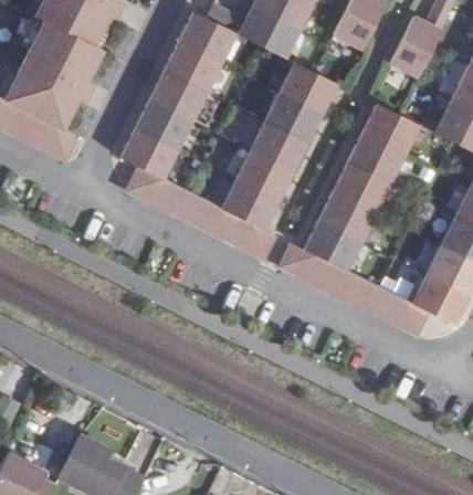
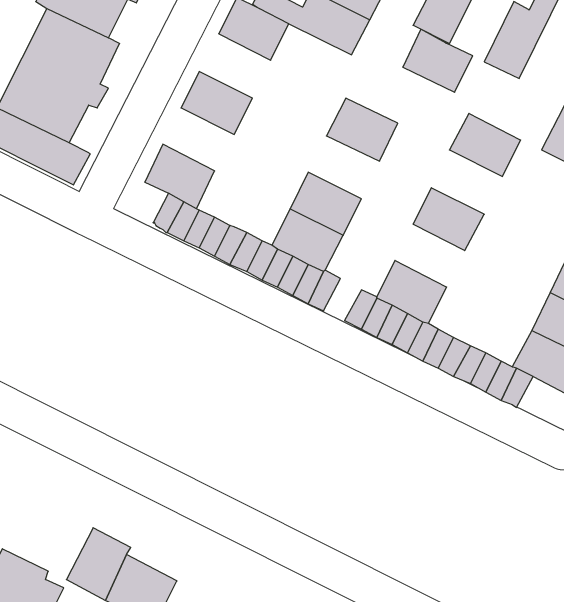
building: [164,42,220,93] -> none
building: [280,63,335,113] -> [403,29,473,92]
building: [135,101,191,150] -> none
building: [250,123,306,172] -> none
building: [347,134,403,185] -> none
building: [318,192,374,242] -> none

